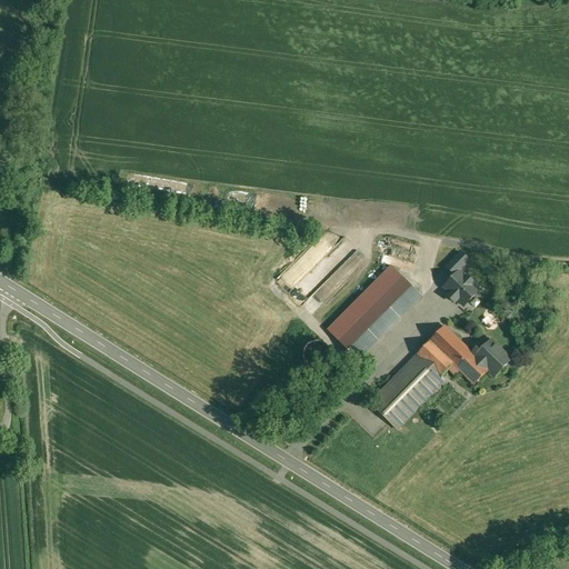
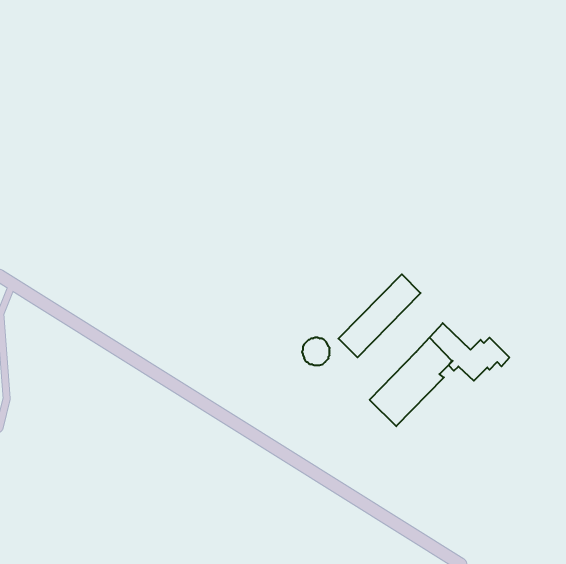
building: [435,257,483,309] -> none
building: [327,263,402,339] -> none

